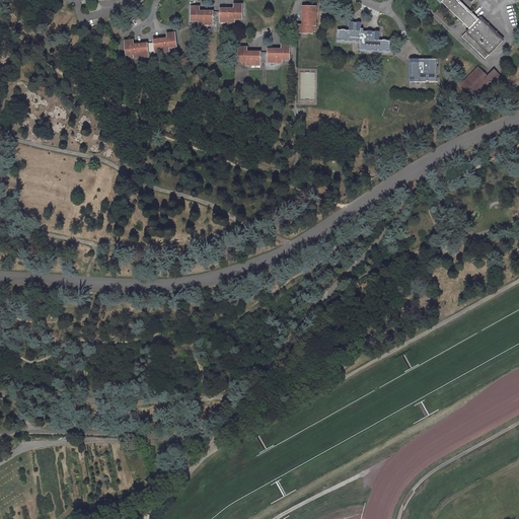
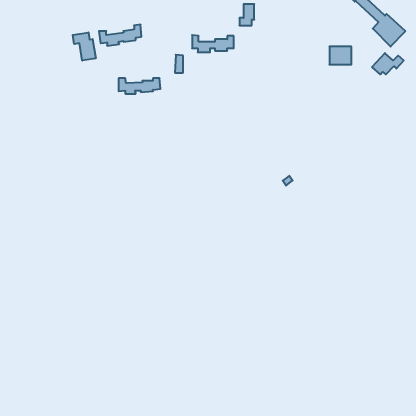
building: [191,4,242,23] -> [119,78,160,94]
building: [336,21,388,50] -> none
building: none -> [73,32,96,61]

